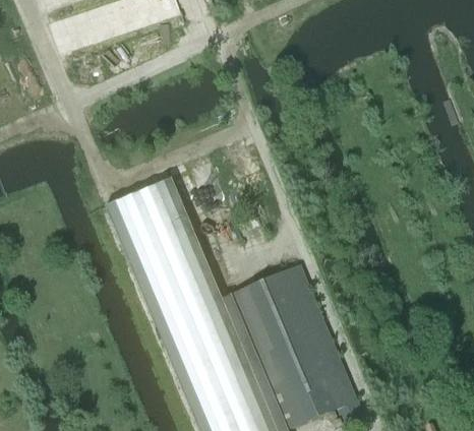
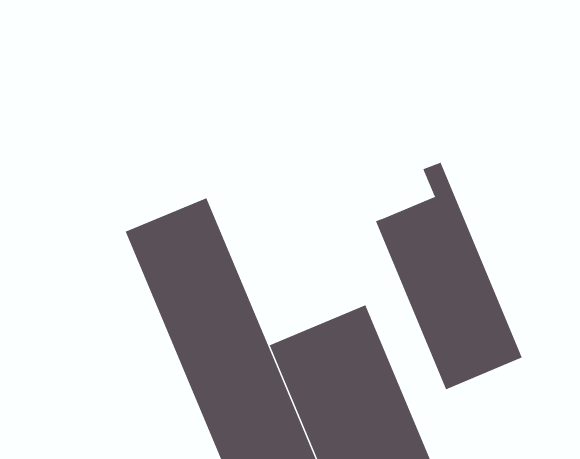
building: none -> [375,162,523,390]

